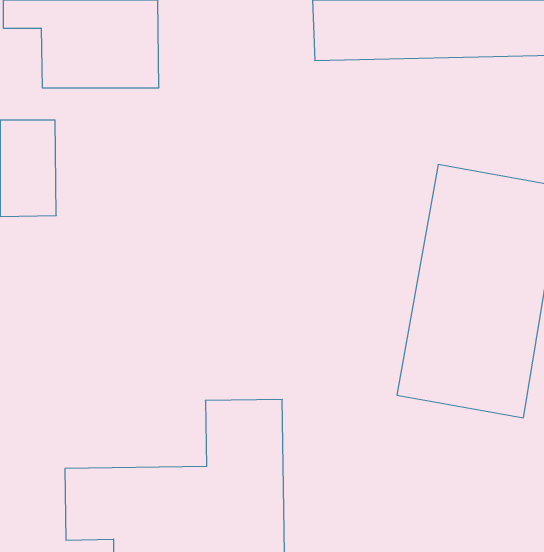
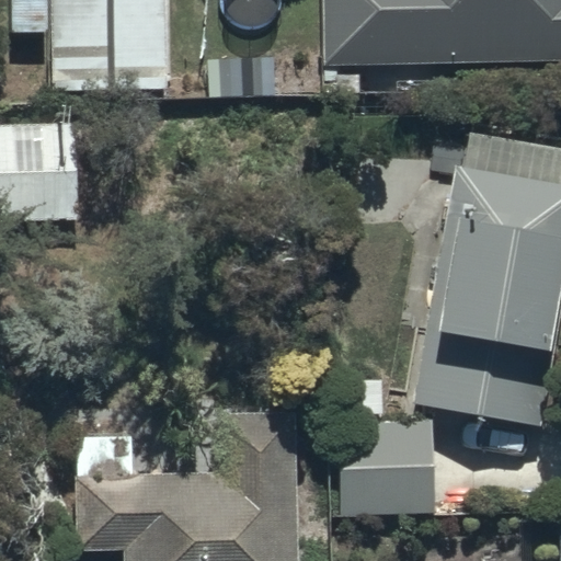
building: none -> [341,420,435,515]

